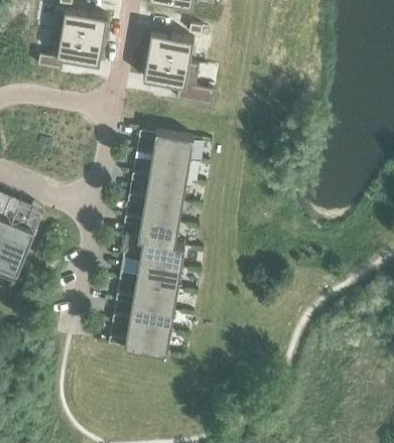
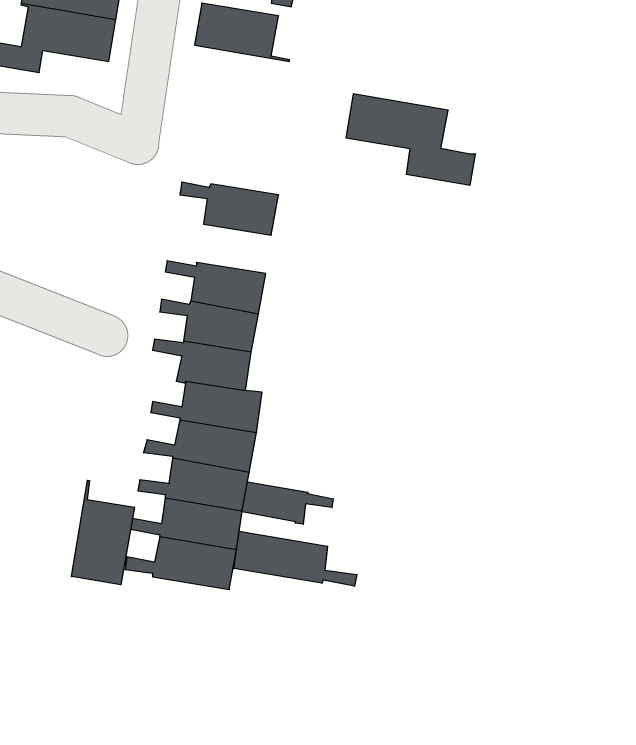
building: [142,53,214,104] -> [346,94,476,185]
building: [134,151,188,179] -> none
building: none -> [72,480,134,585]
building: none -> [242,482,333,524]
building: none -> [234,531,357,586]

